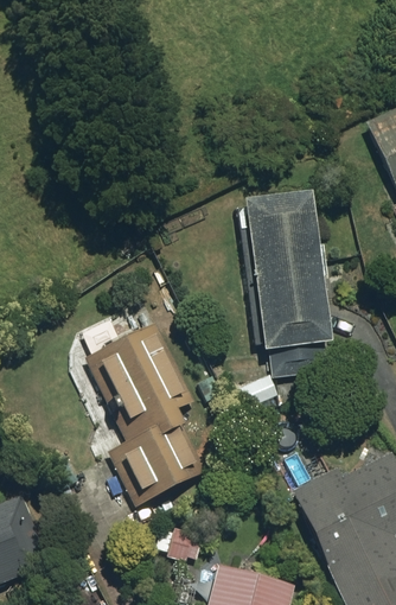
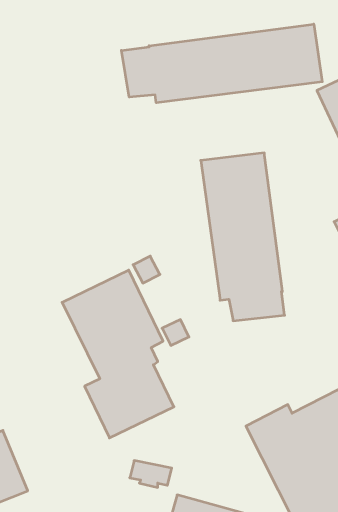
building: none -> [121,24,322,103]

